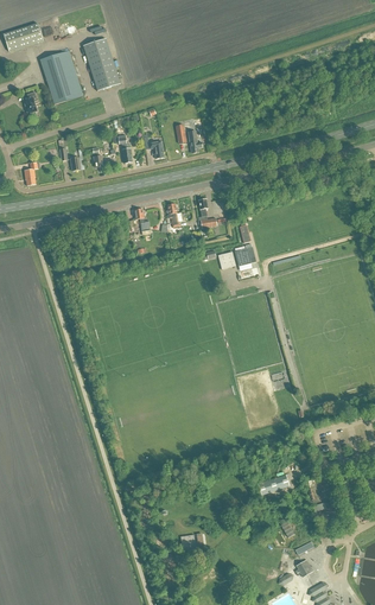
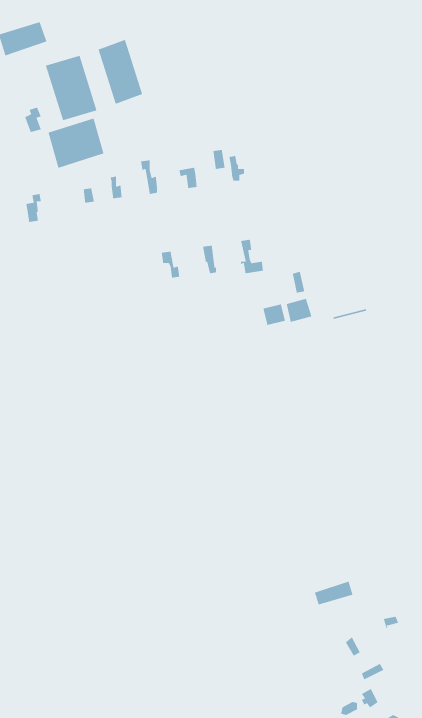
building: none -> [47,117,105,169]

